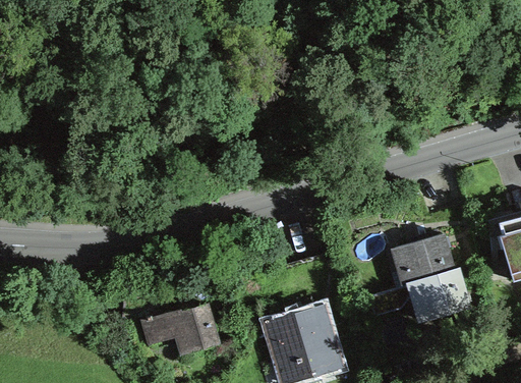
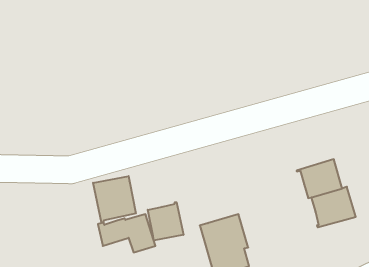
building: none -> [93,176,136,222]
building: none -> [148,202,183,241]

